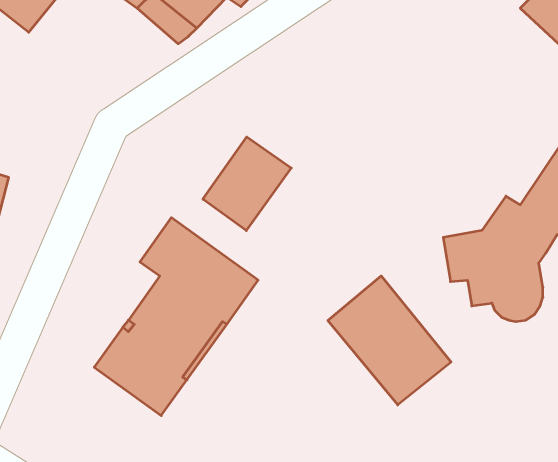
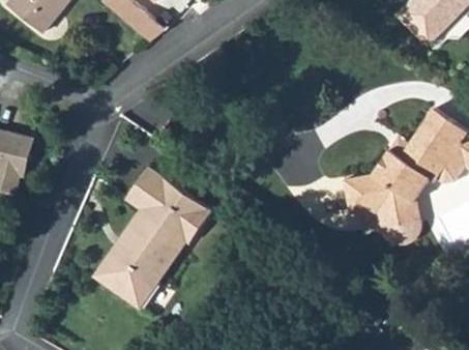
building: [203,137,291,231] -> none
building: [328,276,451,405] -> none

